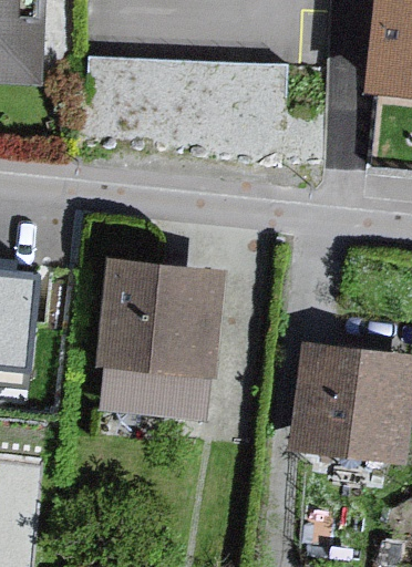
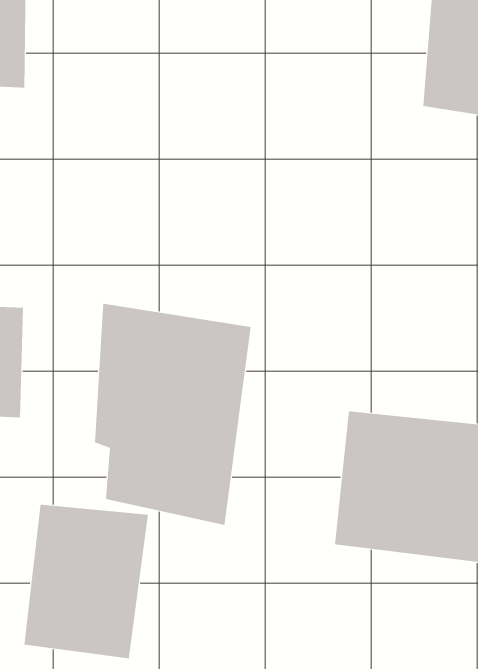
building: [95,41,292,136] -> none
building: none -> [24,504,149,659]

